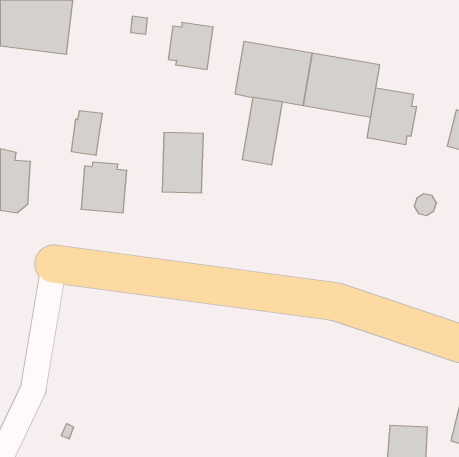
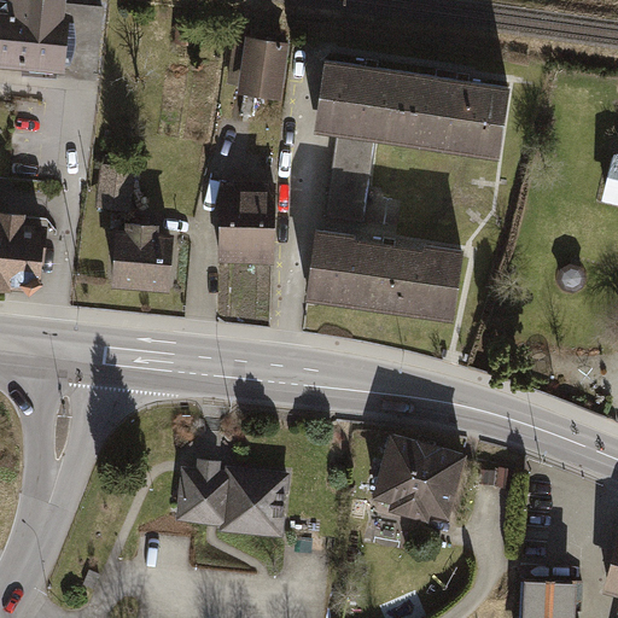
building: [367,88,416,145] -> none
building: none -> [303,228,462,315]
building: none -> [371,431,466,520]
building: none -> [180,464,292,541]

